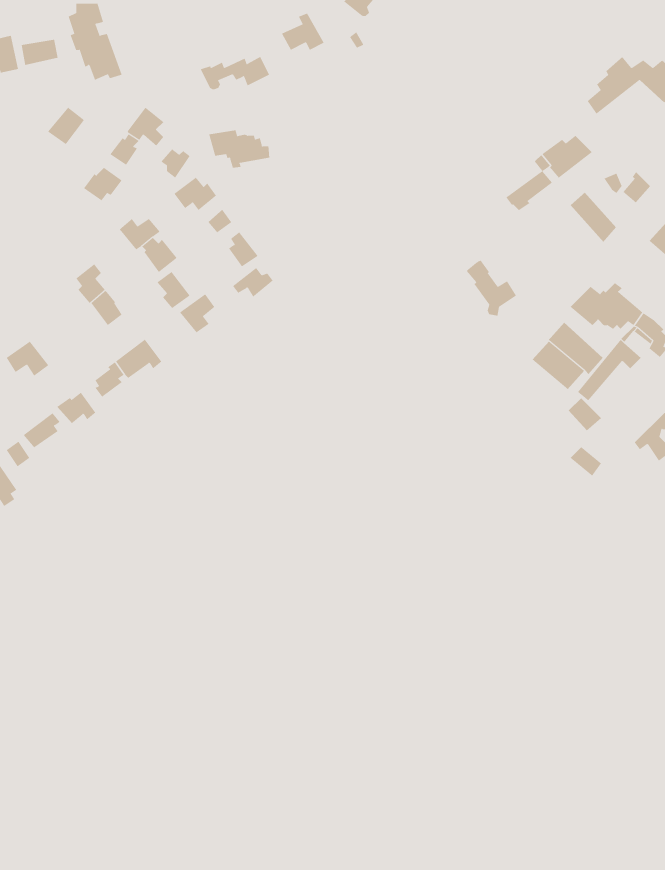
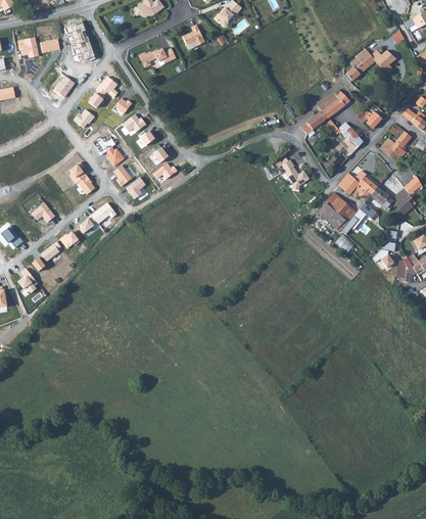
building: [208,129,270,169] -> none

